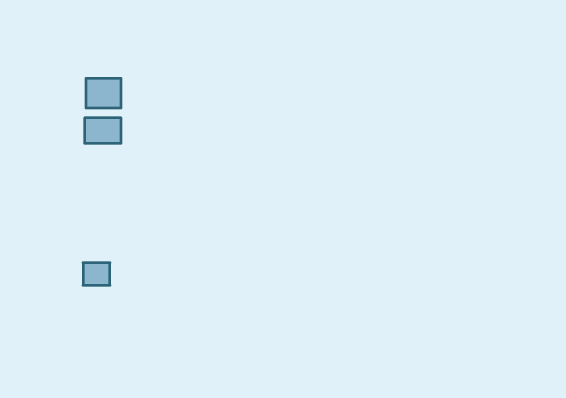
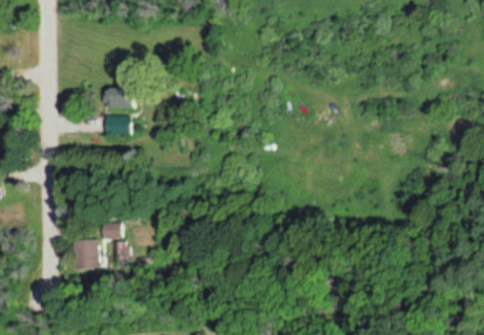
building: none -> [75,240,100,273]

